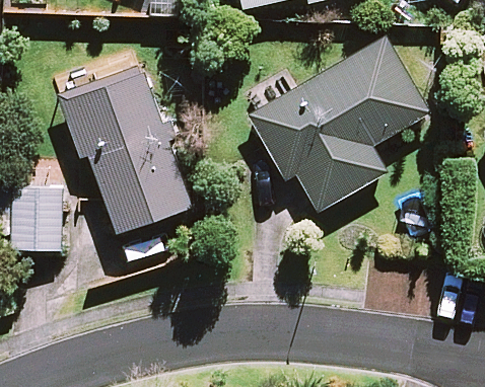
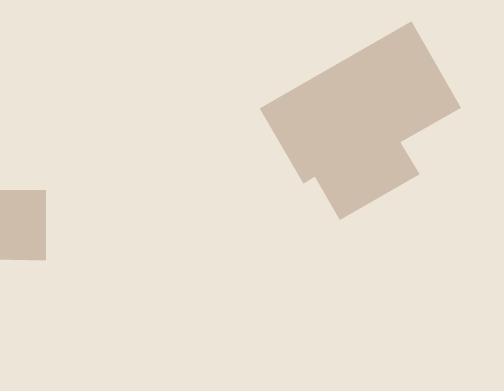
building: [60,67,191,234] -> none

